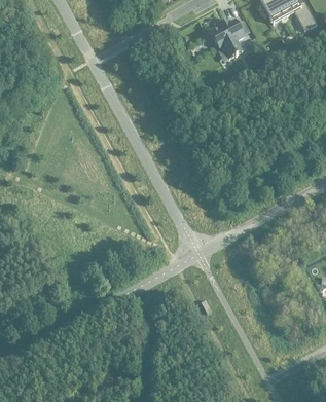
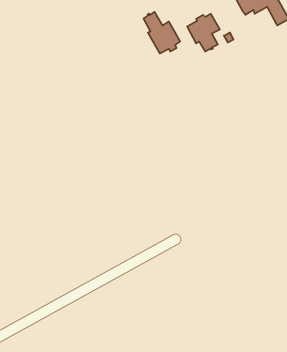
building: none -> [144,12,180,54]

